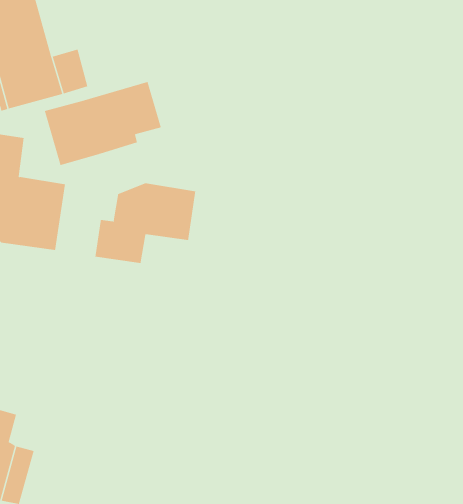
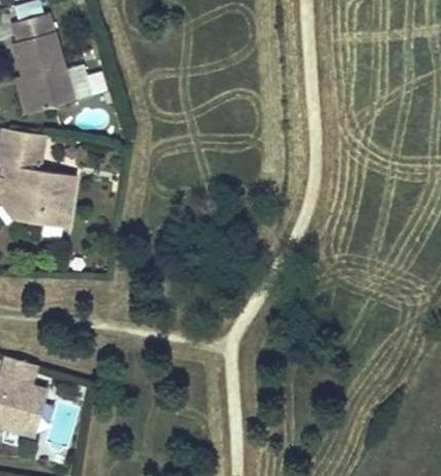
building: [44,81,161,166] -> none
building: [95,183,196,264] -> none

